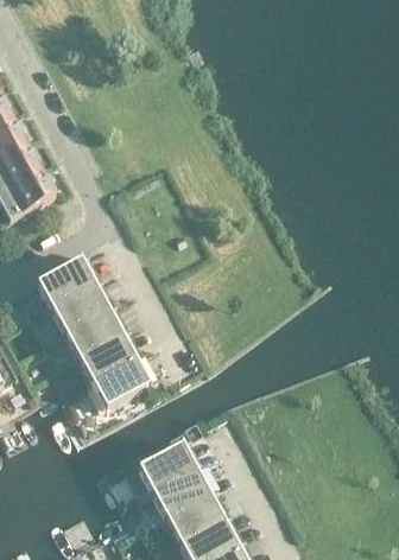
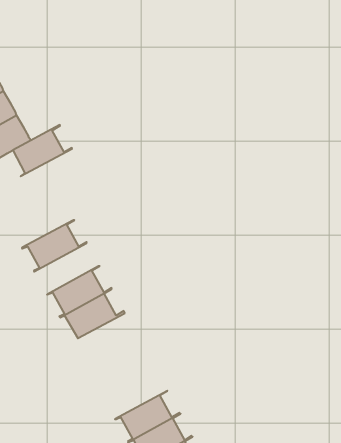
building: [37,253,101,308] -> [13,125,72,176]
building: [58,304,128,359] -> none
building: [138,438,203,495] -> none

